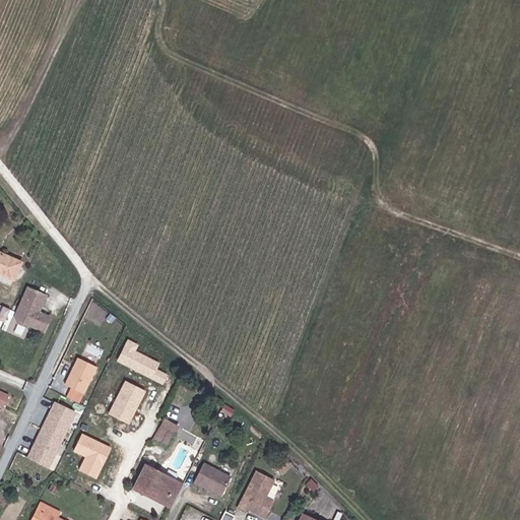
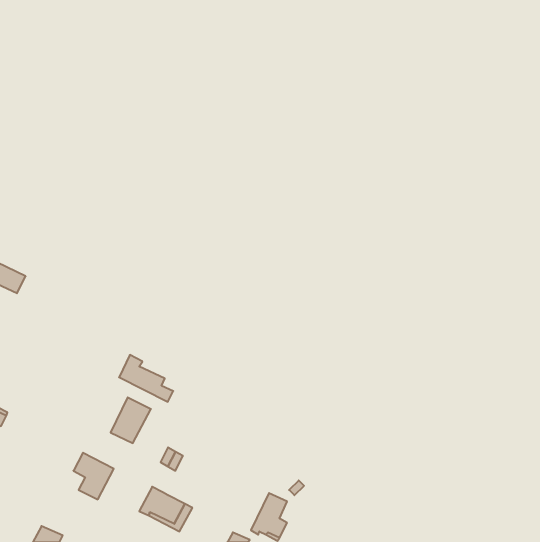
building: [22,285,57,329] -> none
building: [62,358,94,403] -> none
building: [29,400,75,464] -> none
building: [195,463,232,495] -> none

